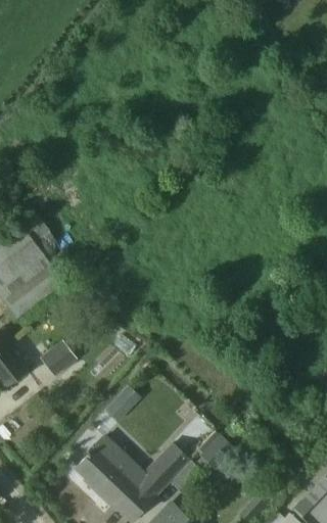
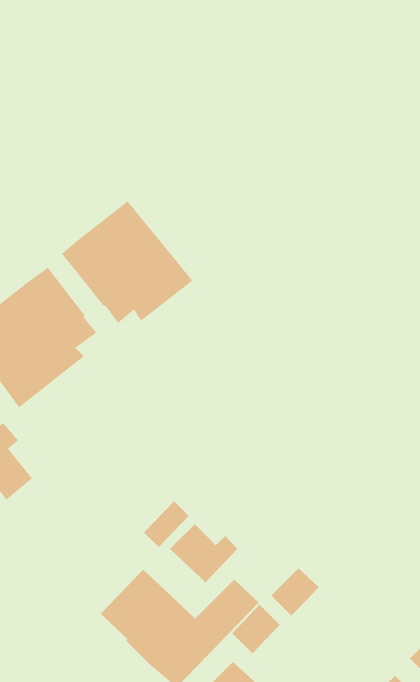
building: none -> [61,200,193,324]
building: [39,341,77,377] -> none
building: none -> [169,523,238,583]

